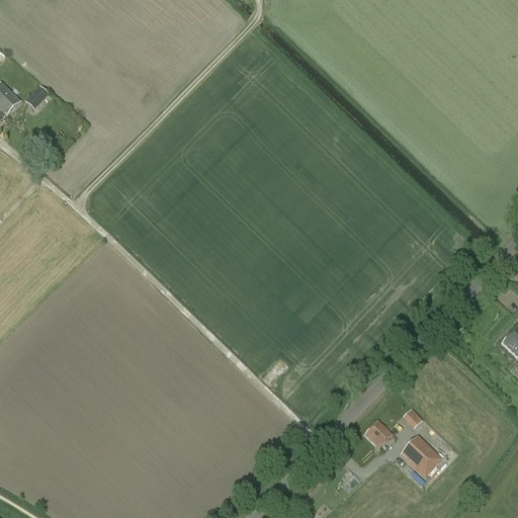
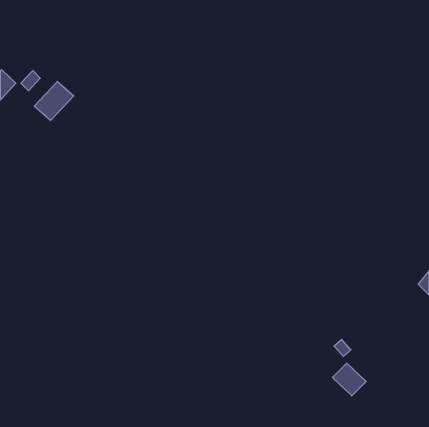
building: none -> [34,81,74,121]
building: [365,420,393,447] -> none

